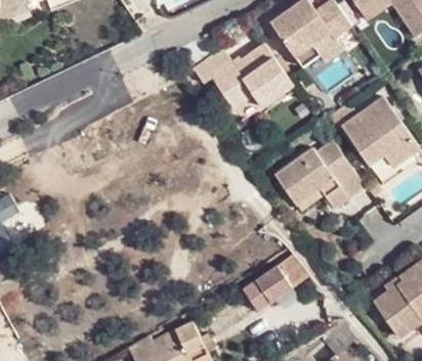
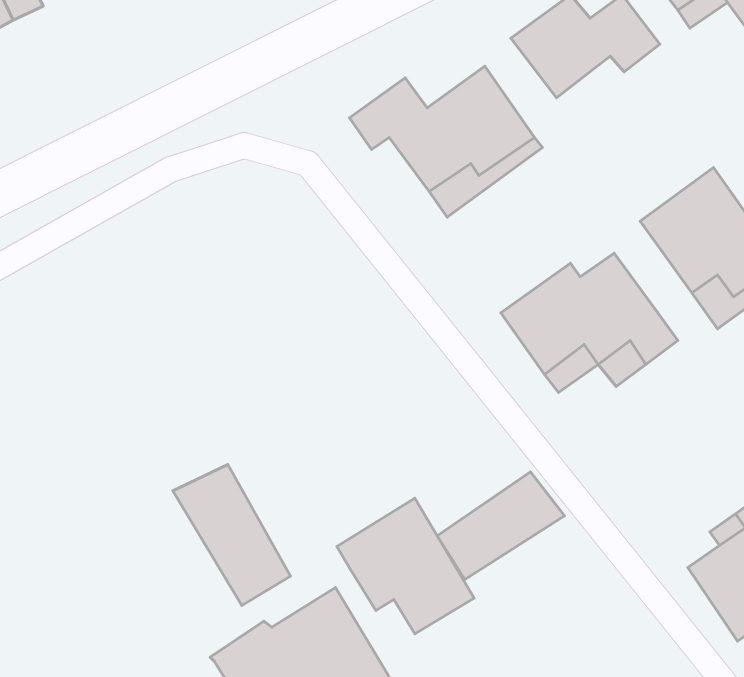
building: none -> [173,464,291,606]
building: none -> [337,498,474,634]

